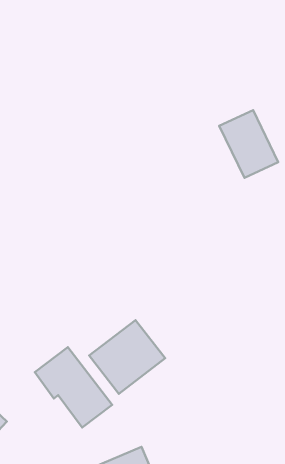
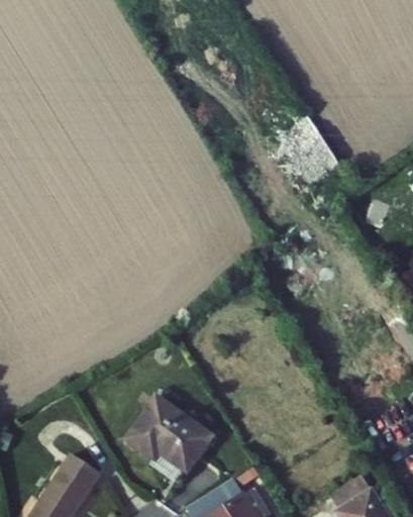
building: [89,320,165,394] -> none

